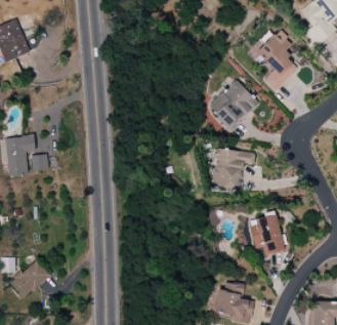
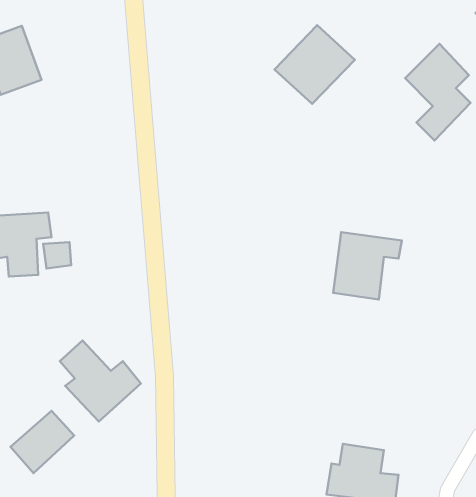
building: [208,79,258,128] -> [275,25,355,104]
building: [251,215,282,253] -> none
building: none -> [60,340,141,421]

